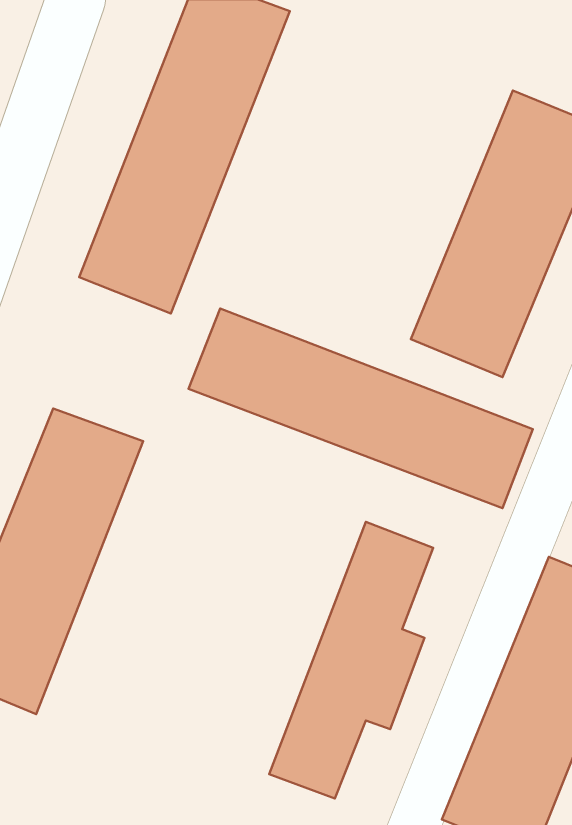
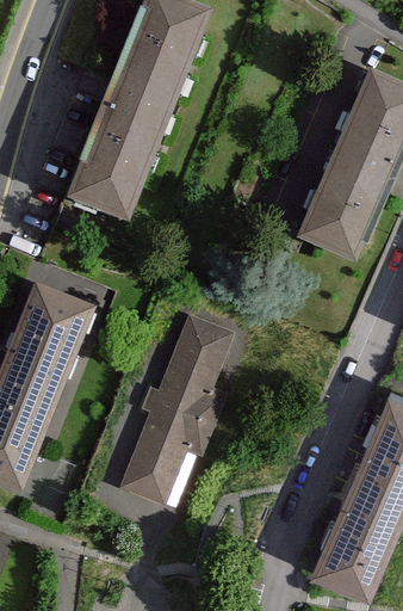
building: [189,309,533,508] -> none
building: [269,522,433,798] -> [125,316,238,507]

